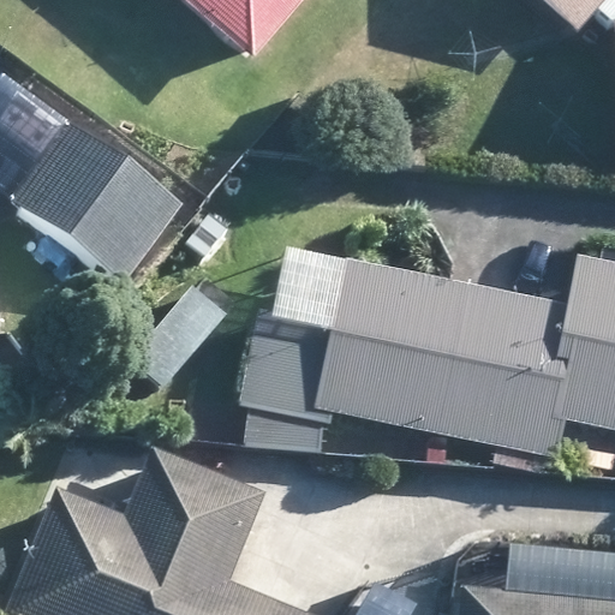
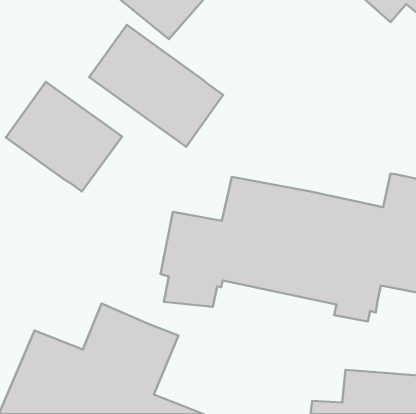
building: none -> [89,25,223,147]

